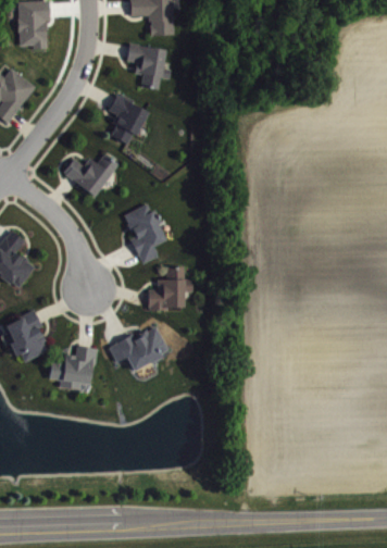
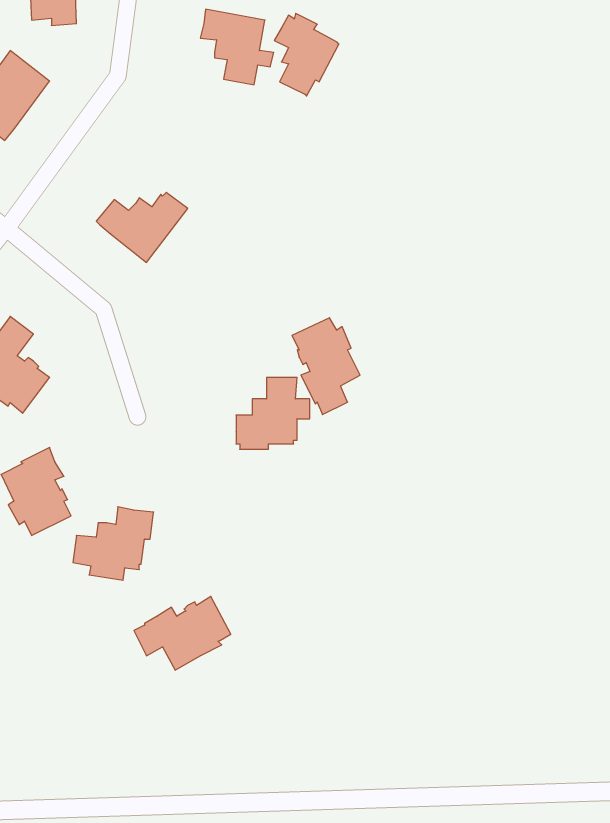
building: [107,94,146,144] -> [274,13,339,96]
building: [123,204,164,263] -> [292,318,360,415]
building: [108,326,166,371] -> [134,596,231,670]

